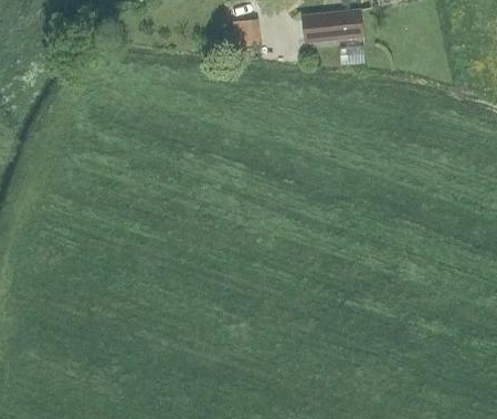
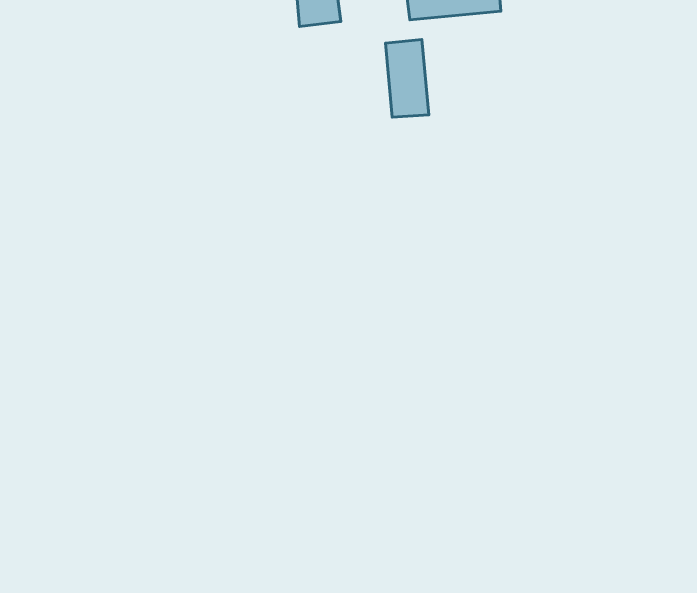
building: none -> [386,40,429,117]

